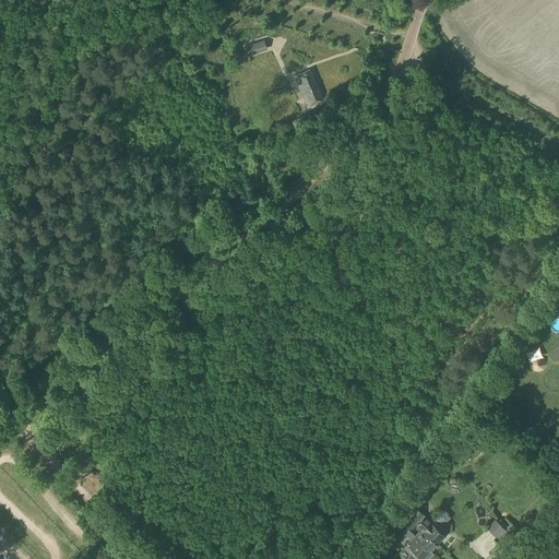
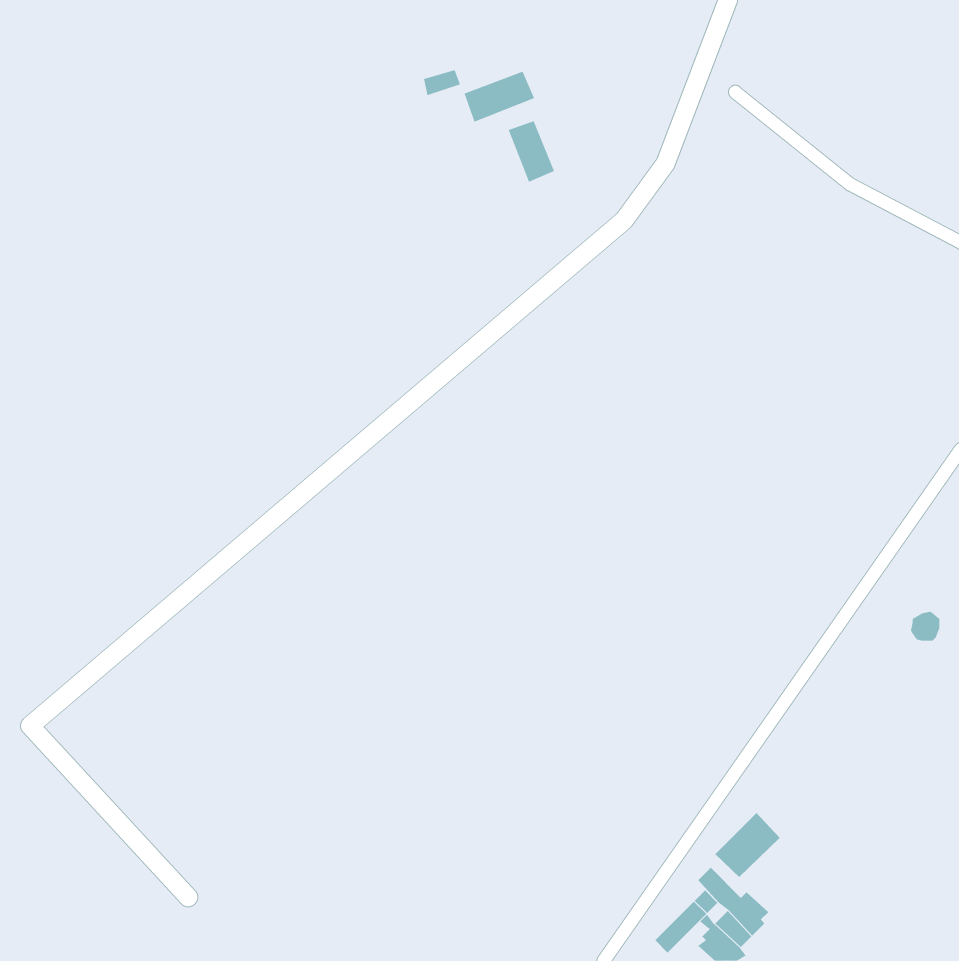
building: none -> [464,71,535,122]
building: none -> [714,812,781,878]

